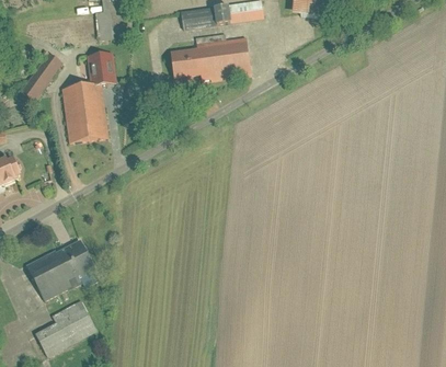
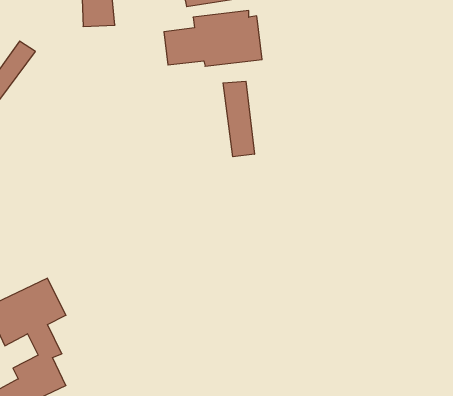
building: [61,53,112,144] -> none
building: none -> [223,81,254,157]

